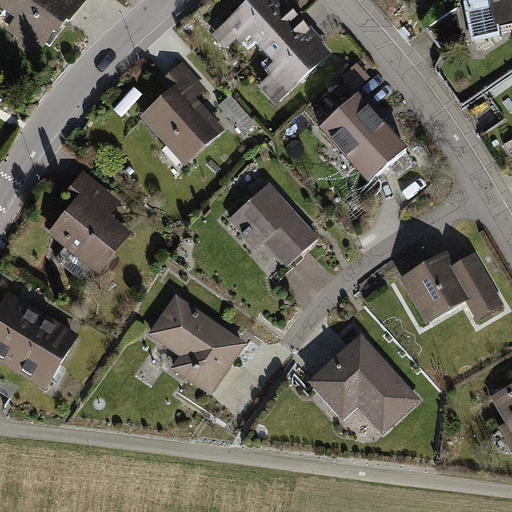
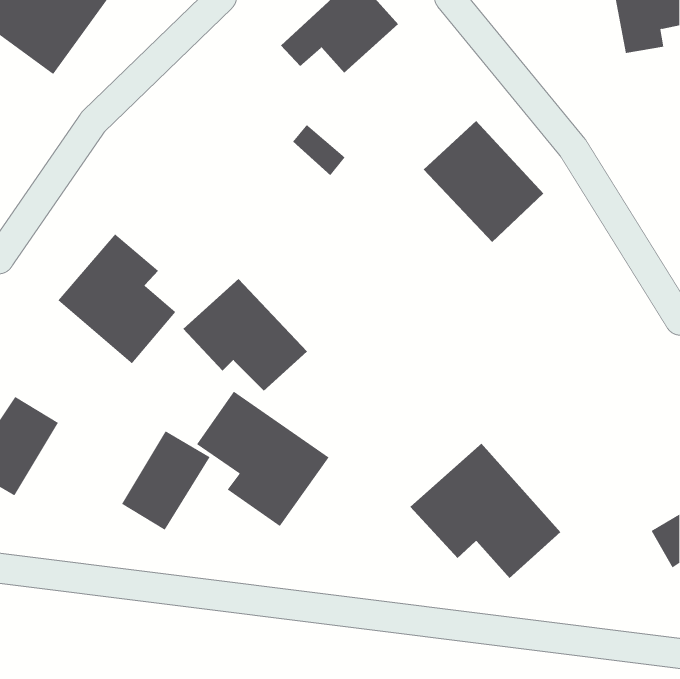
building: [256,18,331,104] -> none
building: [141,63,224,167] -> none
building: [225,181,319,266] -> [183,278,308,391]
building: [399,249,504,323] -> none
building: [11,317,78,392] -> [121,431,211,531]

